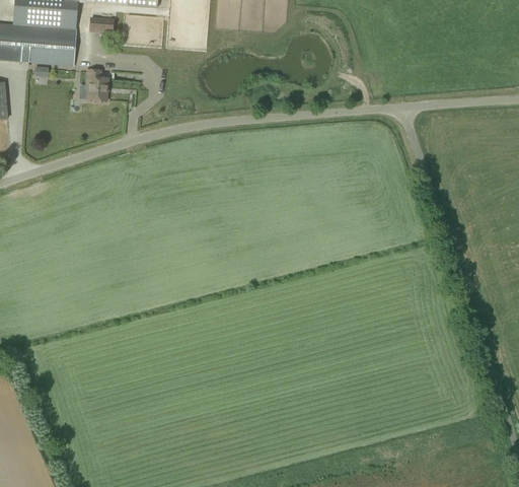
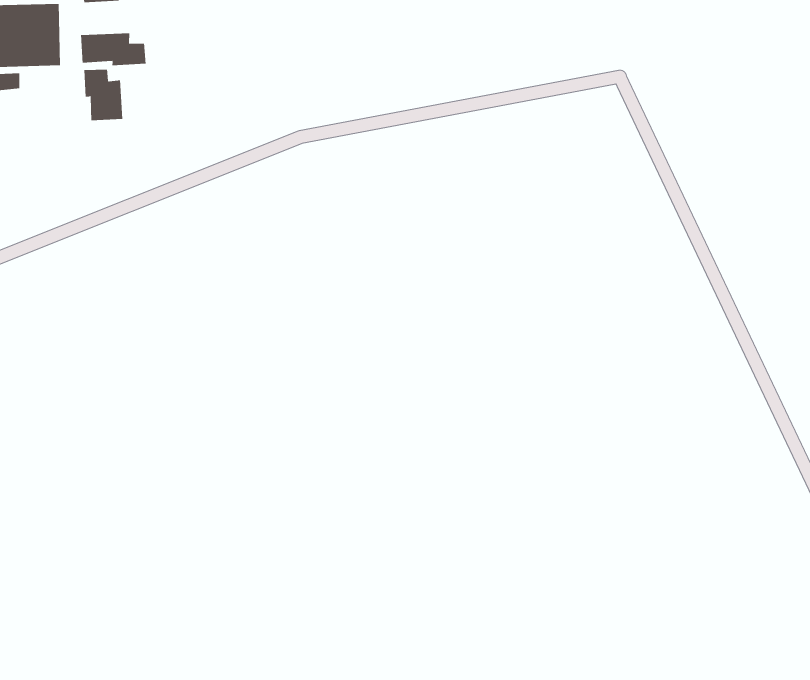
building: none -> [81,32,146,66]

